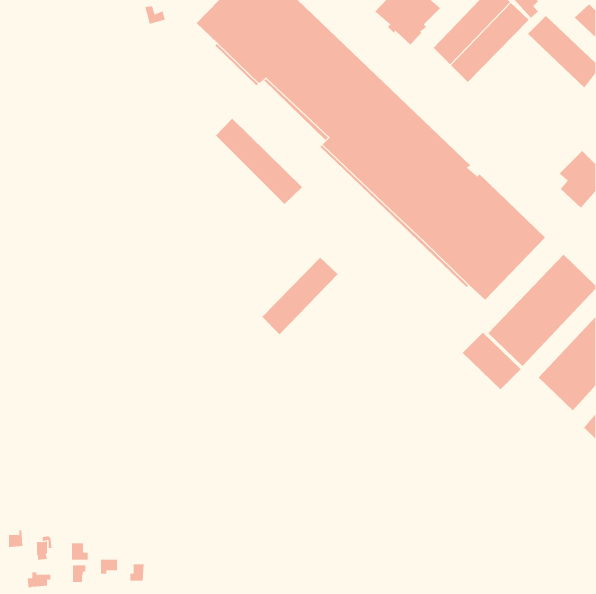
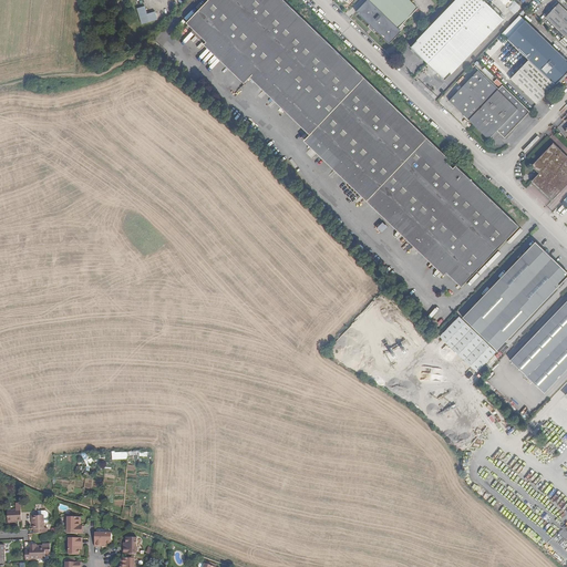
building: none -> [511,59,555,103]
building: none -> [449,70,529,138]
building: [215,118,303,205] -> none
building: [261,257,339,335] -> none

